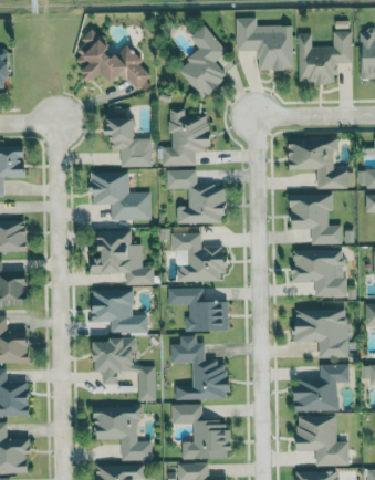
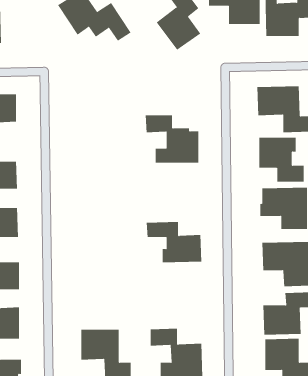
building: [163,109,209,167] -> none
building: [106,119,153,168] -> none
building: [92,173,150,220] -> none
building: [92,230,154,285] -> none
building: [171,233,227,282] -> none
building: [93,291,147,334] -> none
building: [170,336,229,401] -> none
building: [95,338,156,401] -> none

